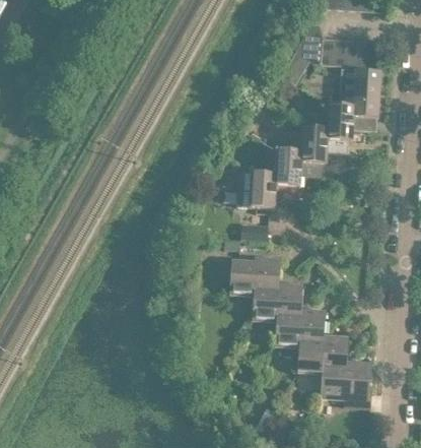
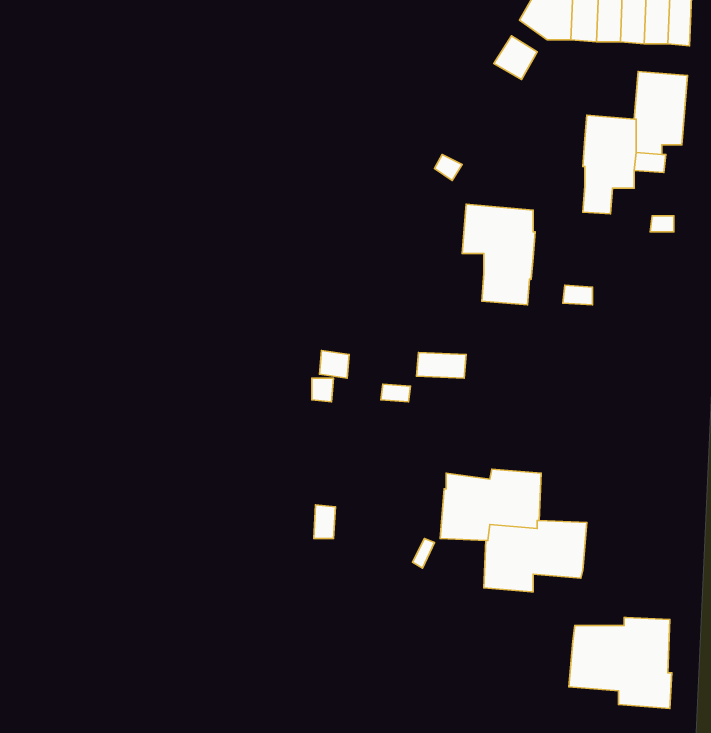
building: [300,113,327,176] -> none
building: [236,171,275,208] -> none
building: [230,256,281,294] -> none
building: [298,335,349,372] -> none

